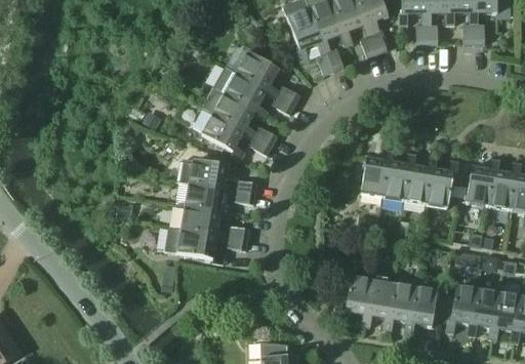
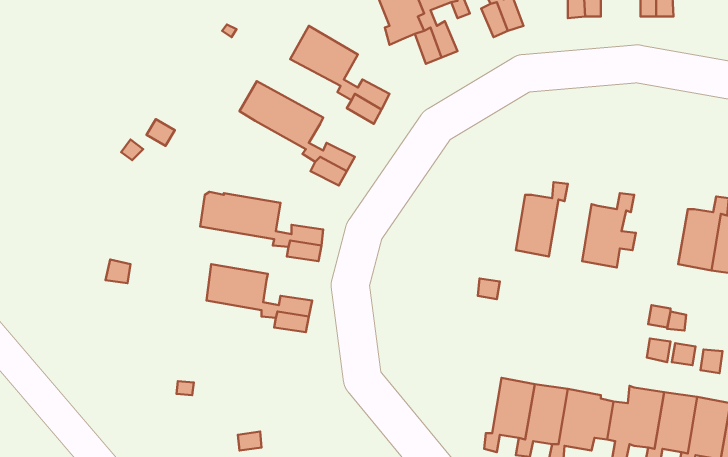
building: [213,66,268,119] -> none
building: [194,107,245,159] -> none
building: [360,148,394,196] -> none
building: [403,155,437,203] -> none
building: [457,157,498,205] -> none
building: [184,183,232,217] -> none
building: [164,227,225,264] -> none
building: [339,276,372,323] -> none

